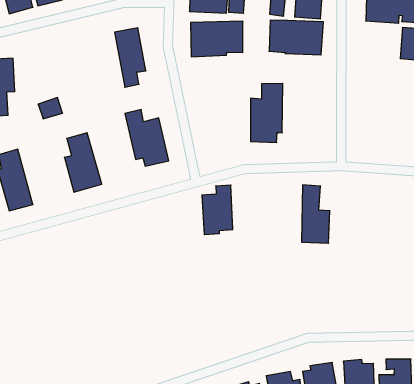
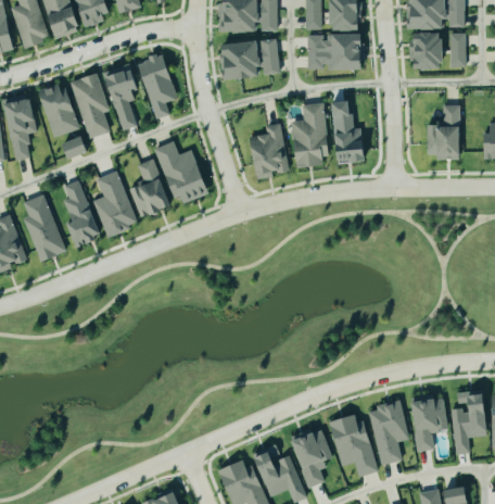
building: none -> [410,33,444,71]
building: none -> [103,64,138,131]
building: none -> [71,73,110,138]
building: none -> [40,84,76,137]
building: none -> [426,105,461,160]
building: none -> [128,159,169,218]
building: none -> [62,180,101,248]
building: [302,185,330,243] -> [332,102,365,164]
building: [202,185,233,235] -> [251,124,287,179]

